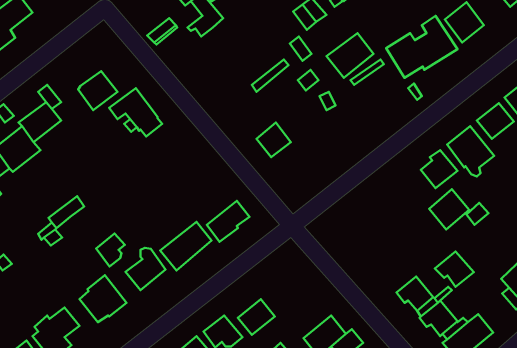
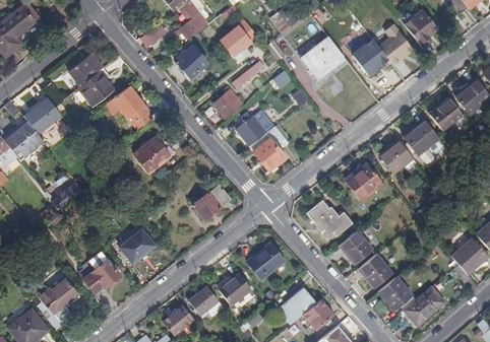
building: none -> [217,21,256,59]
building: none -> [174,48,206,80]
building: none -> [68,53,103,84]
building: none -> [211,90,241,120]
building: none -> [252,126,287,170]
building: none -> [133,135,173,175]
building: [429,189,469,229] -> [346,165,381,201]
building: none -> [309,204,352,238]
building: [160,222,212,270] -> none
building: [96,233,125,266] -> none
building: [435,251,474,287] -> [339,229,373,261]
building: none -> [246,243,284,280]

